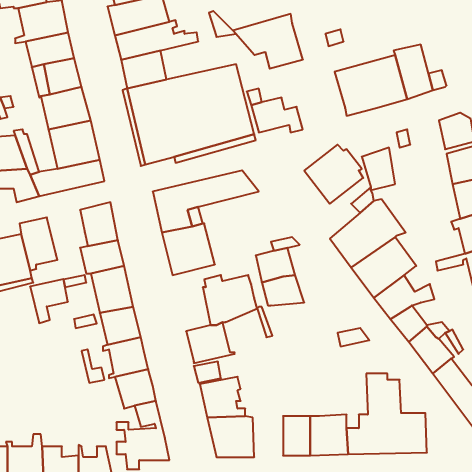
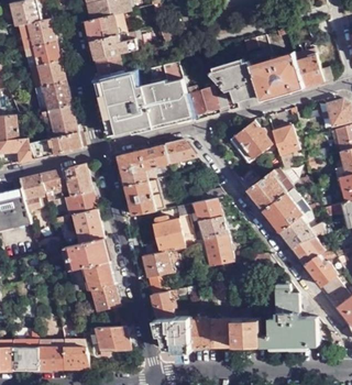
building: [233,14,303,69] -> [208,63,258,102]
building: [30,279,68,323] -> [42,169,69,201]
building: none -> [202,236,238,266]
building: none -> [191,319,213,349]

